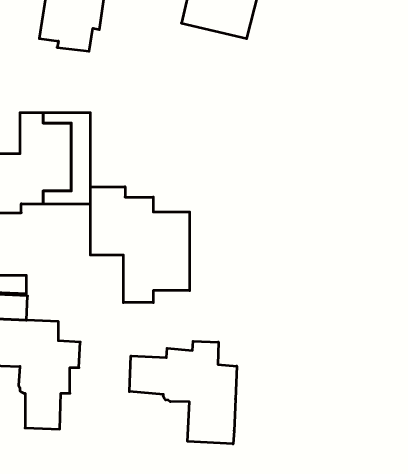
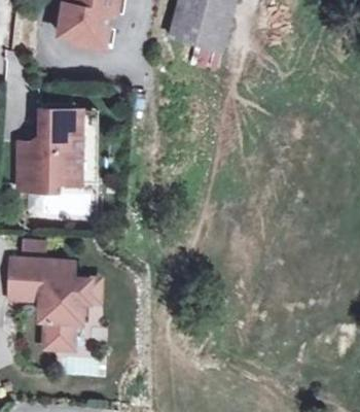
building: [90,187,190,303] -> none
building: [129,341,237,444] -> none

